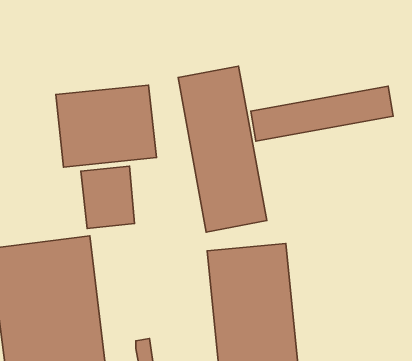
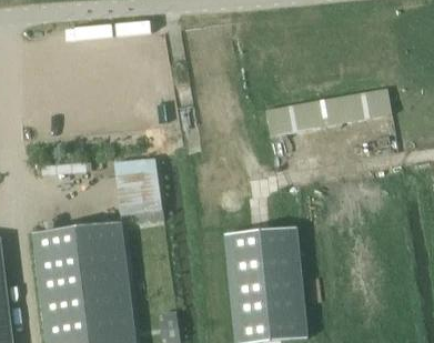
building: [178,66,267,232] -> none
building: [56,85,156,167] -> none

